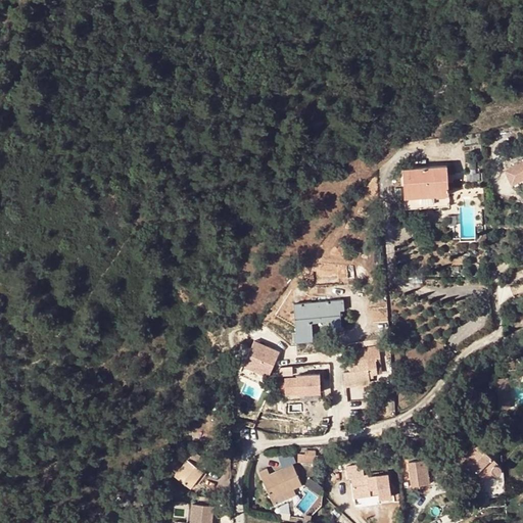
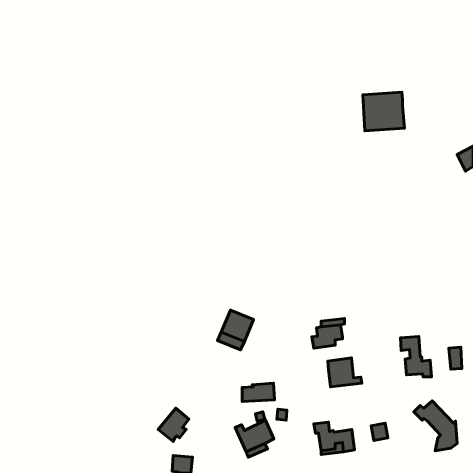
building: [403,165,449,208] -> [363,92,404,131]
building: [294,299,344,338] -> none
building: none -> [400,337,431,377]
building: [285,374,321,394] -> [242,383,274,402]
building: none -> [328,358,362,387]

